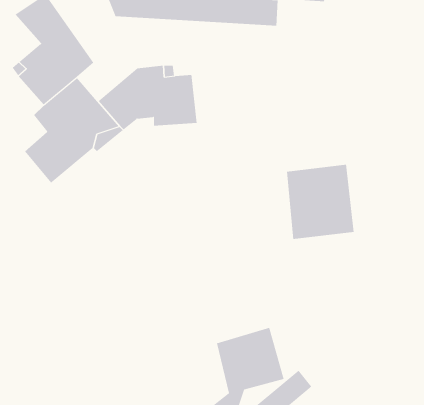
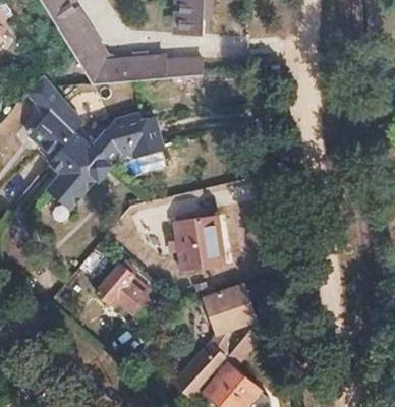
building: [286,164,355,239] -> [176,215,231,274]
building: none -> [95,263,144,309]

